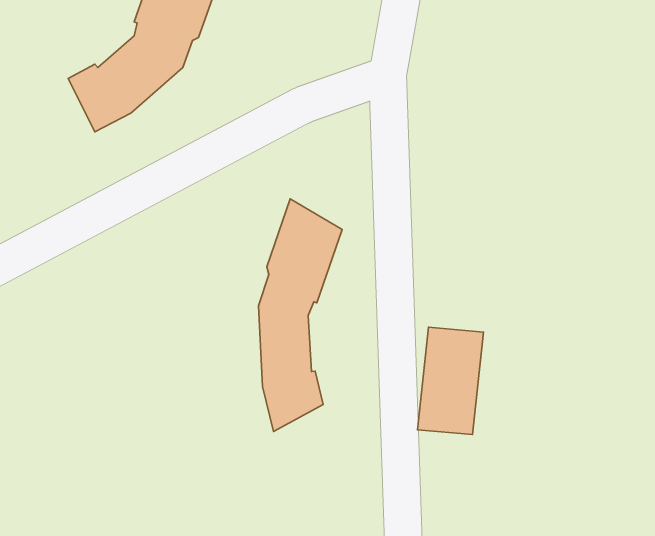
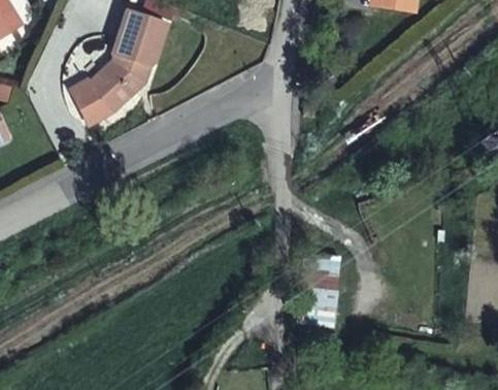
building: [258,199,342,432] -> none

